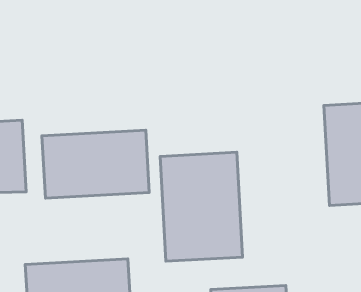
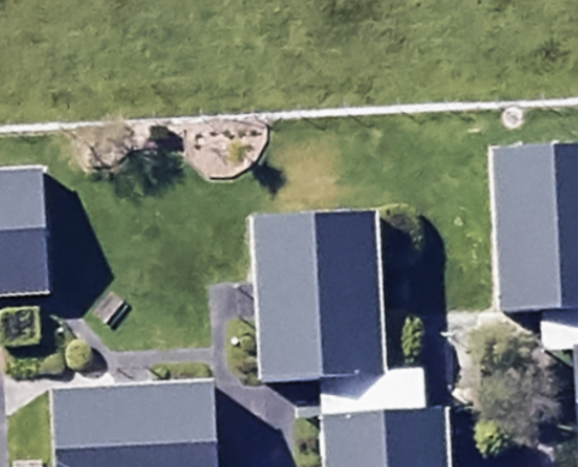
building: [42,130,149,198] -> none

